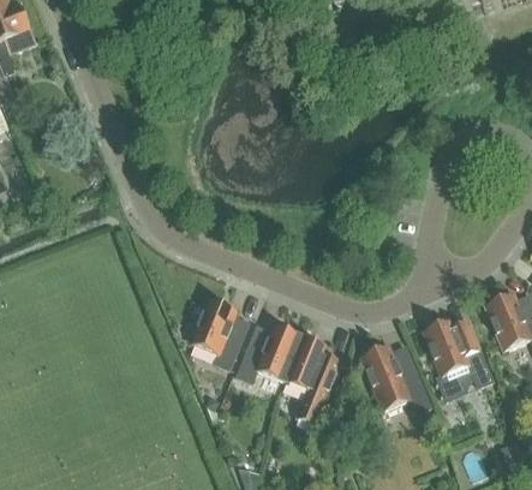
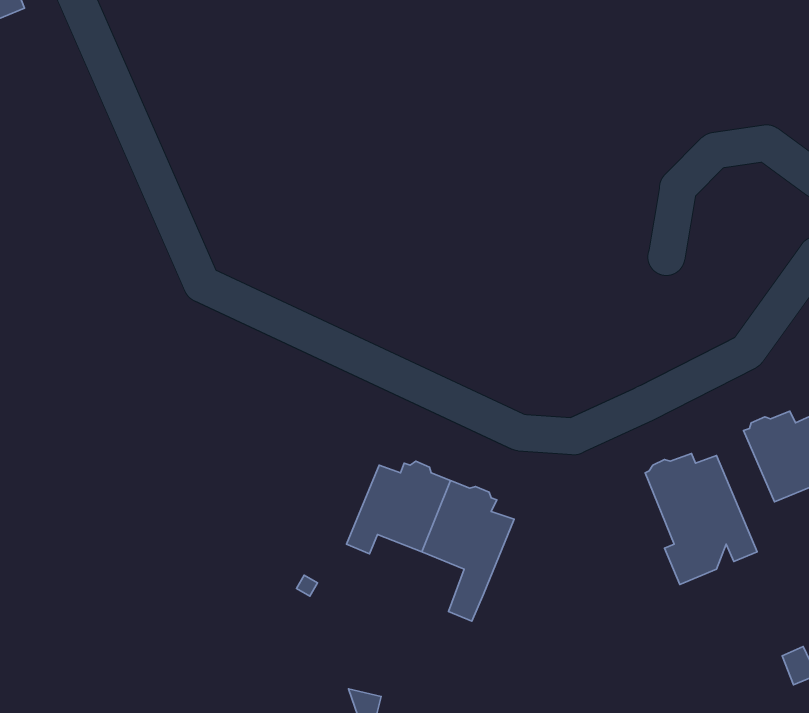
building: [190,297,249,369] -> none
building: [360,343,430,411] -> none

